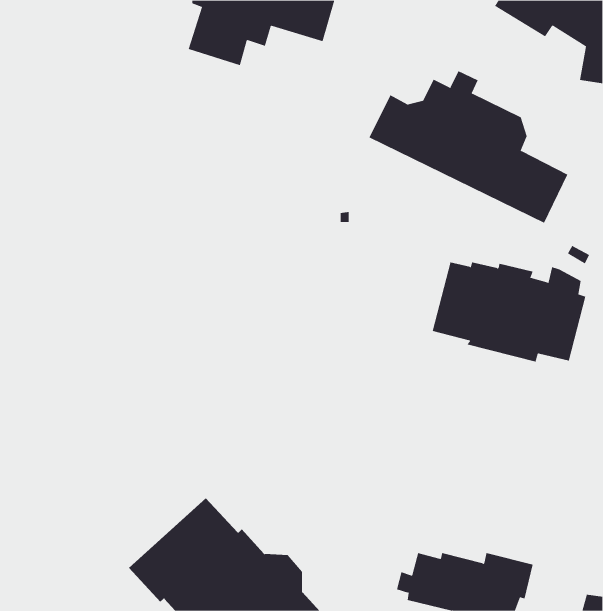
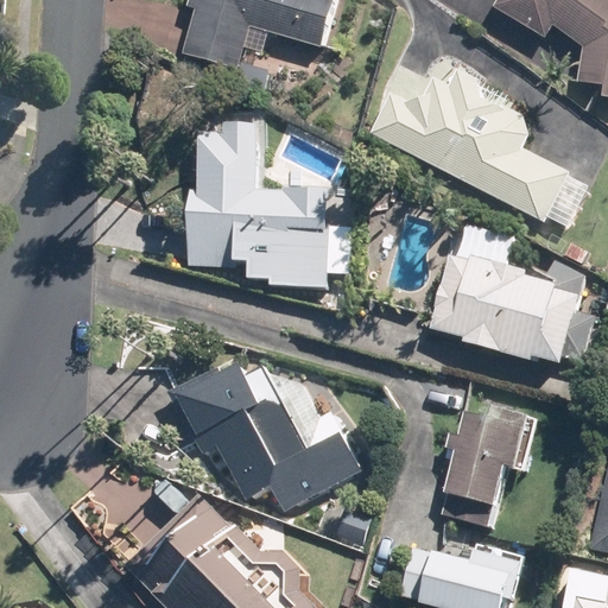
building: none -> [188,128,328,285]
building: none -> [182,360,366,507]
building: none -> [438,406,532,527]

